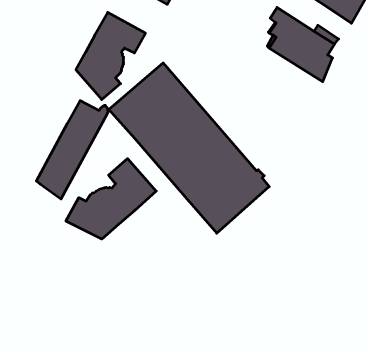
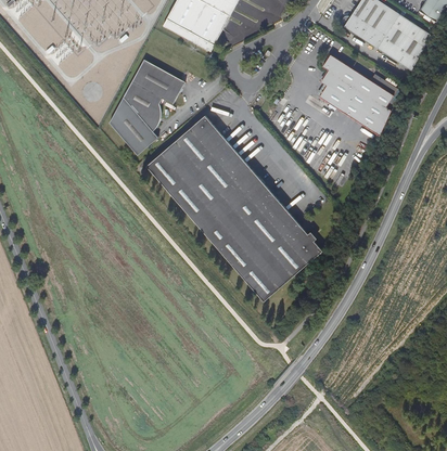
building: [36,101,108,199] -> none
building: [66,159,156,239] -> none

